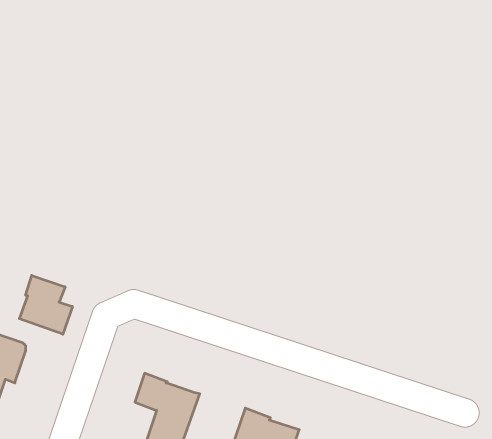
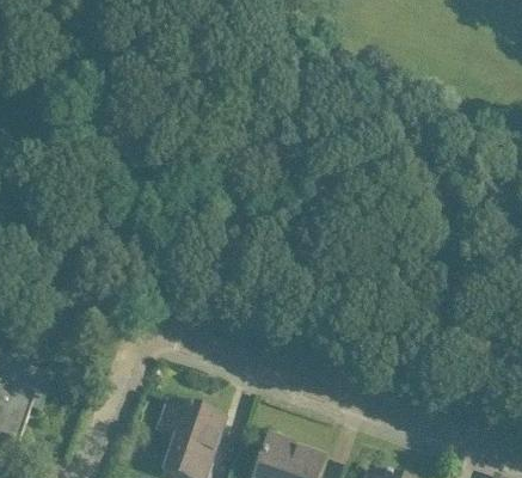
building: [19,275,72,334] -> none

